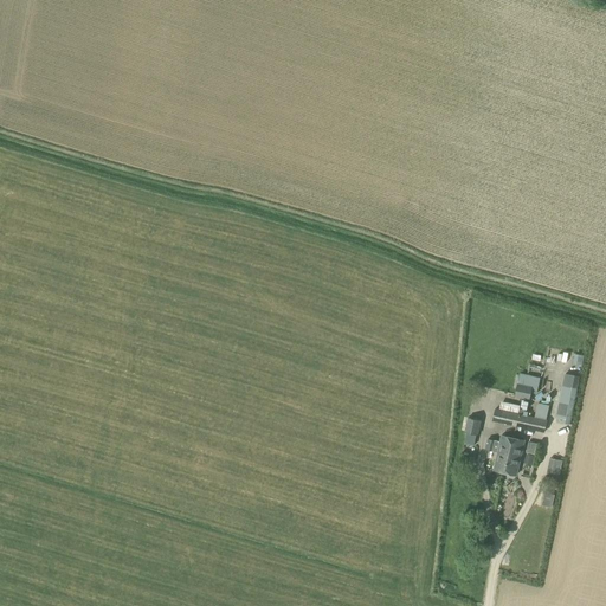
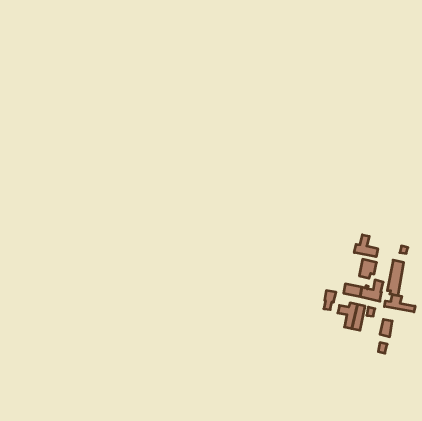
building: none -> [354,235,378,257]
building: none -> [384,294,415,312]

